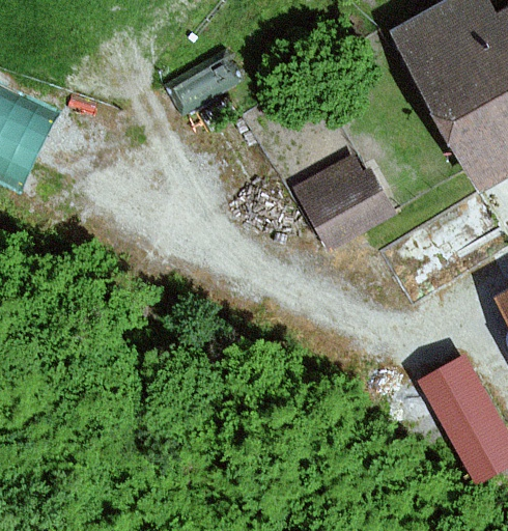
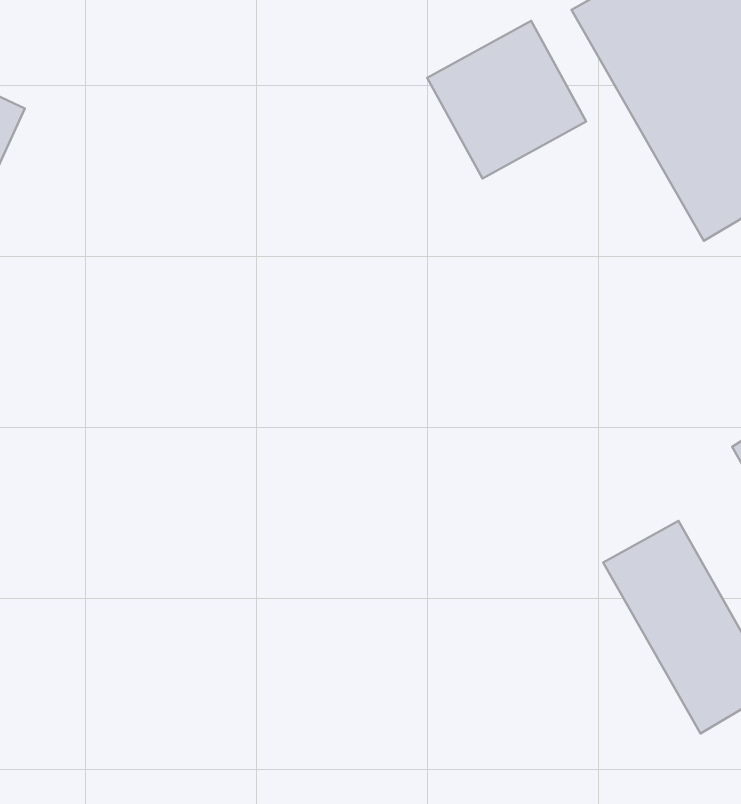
building: [293,153,392,251] -> [427,21,586,178]

